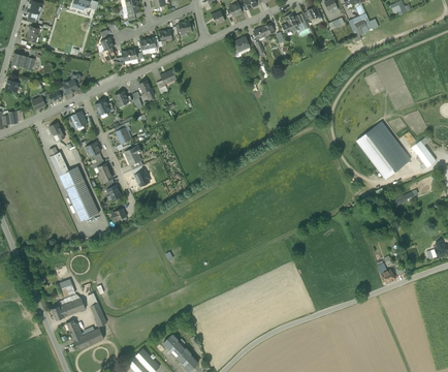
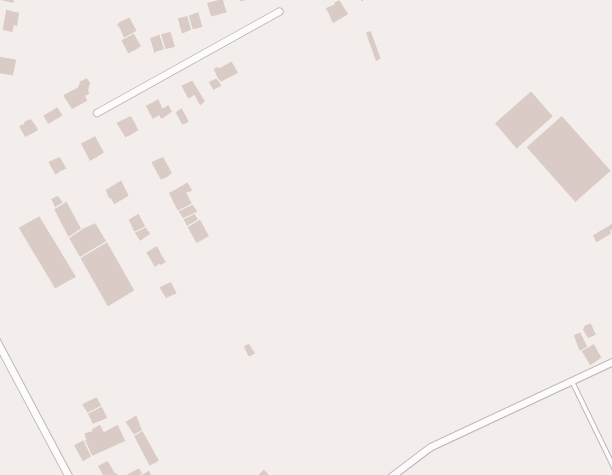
building: none -> [494,90,554,149]
building: none -> [18,216,77,289]

